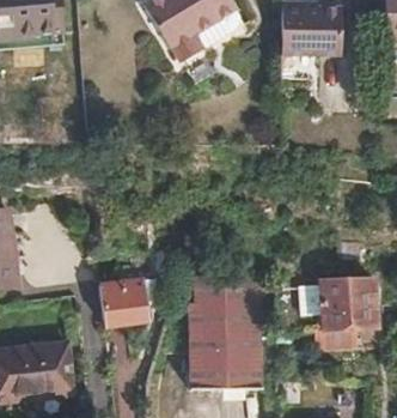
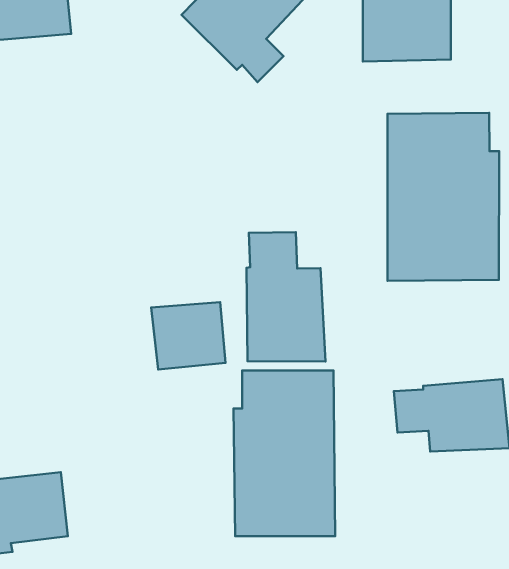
building: none -> [388,113,499,281]
building: none -> [246,232,325,361]
building: [100,279,152,326] -> [151,302,225,370]

